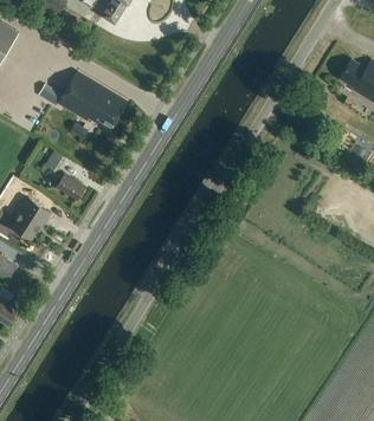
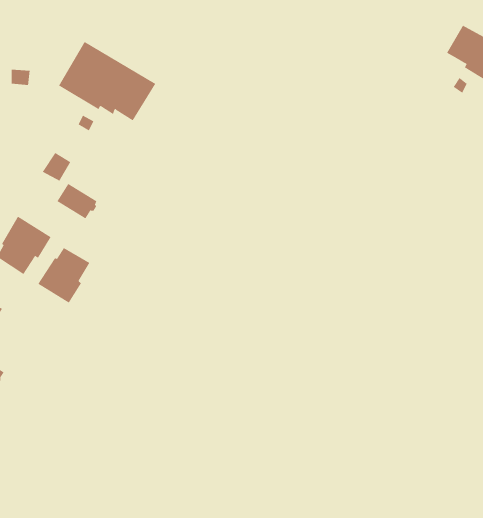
building: none -> [37,247,90,304]

